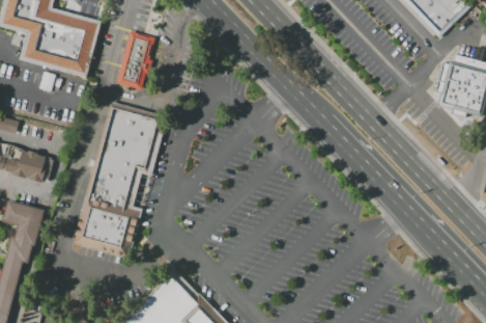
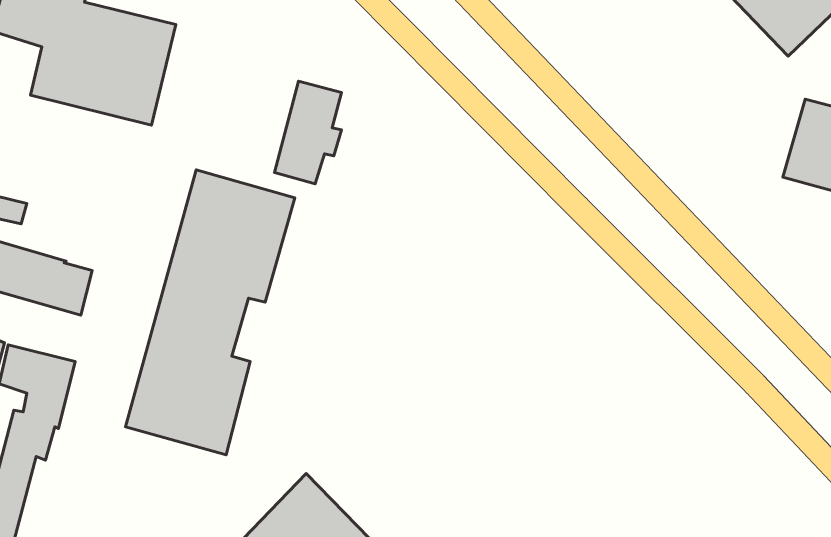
building: [116,32,153,89] -> [274,81,341,184]

